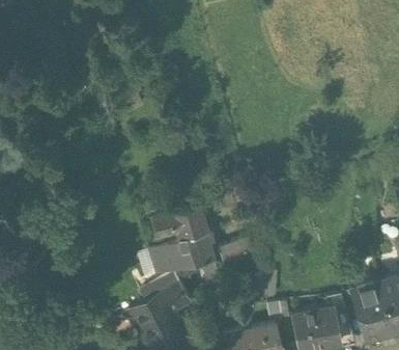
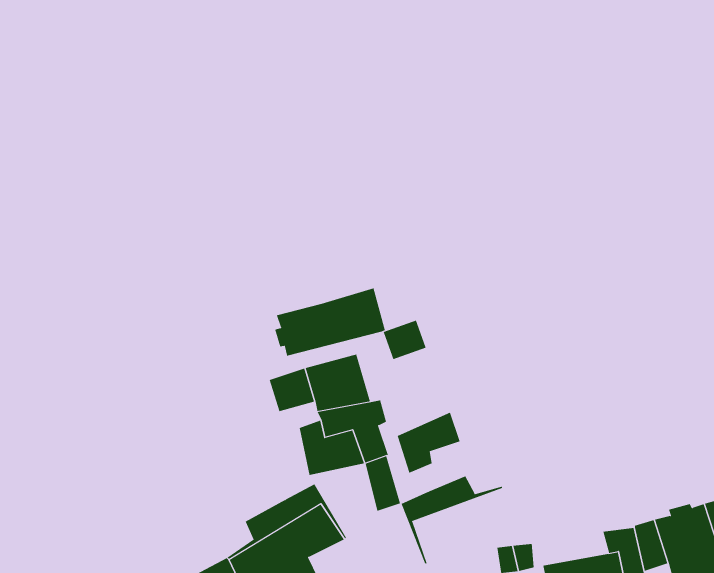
building: none -> [274,287,385,357]
building: [149,242,176,279] -> none
building: none -> [401,475,503,564]

